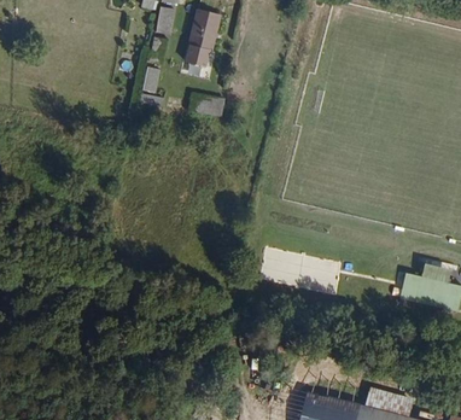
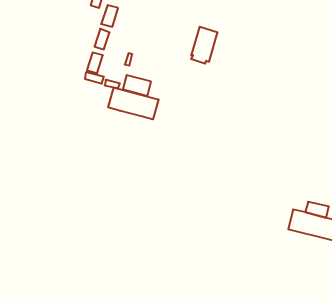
building: [188,14,222,62] -> [191,27,218,64]
building: none -> [108,87,159,119]

